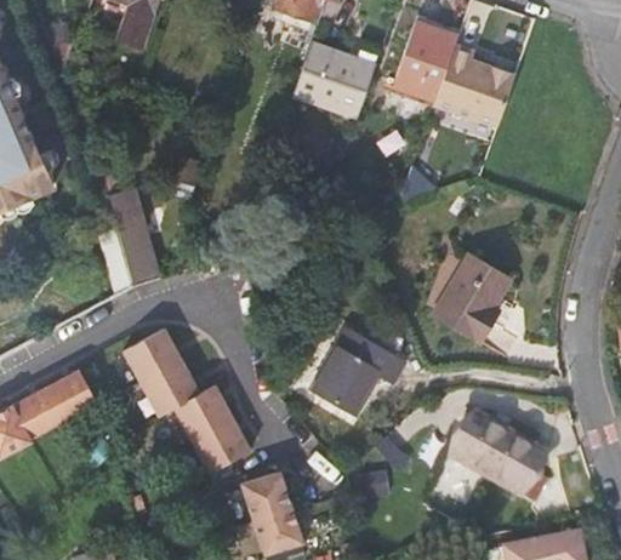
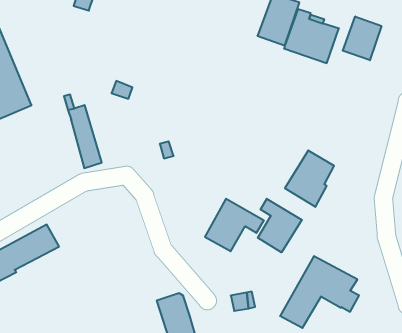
building: [291,41,375,116] -> none
building: none -> [343,16,381,60]
building: [124,326,251,473] -> none
building: none -> [258,199,302,252]

